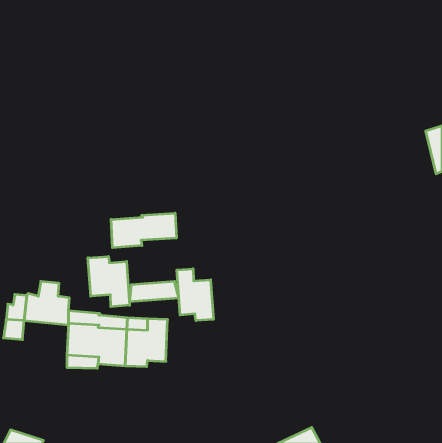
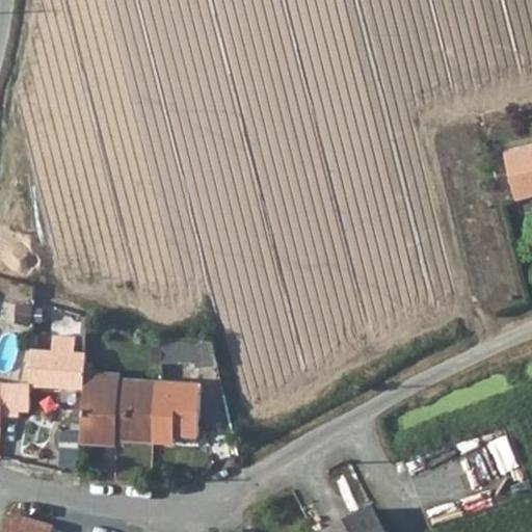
building: [111,213,176,248] -> none
building: [88,256,130,307] -> none
building: [177,269,213,321] -> none

